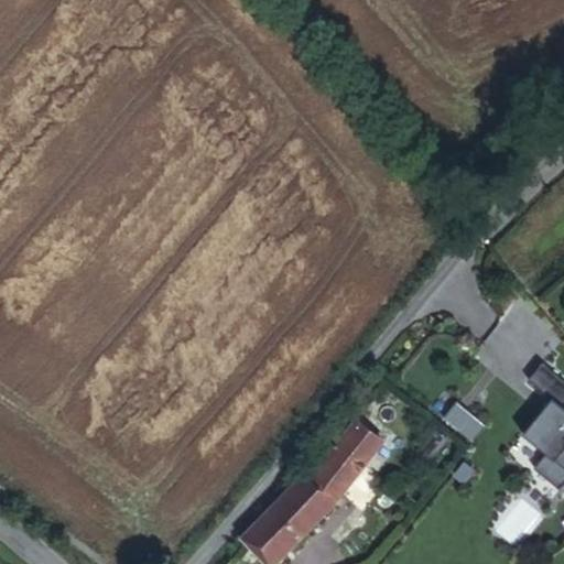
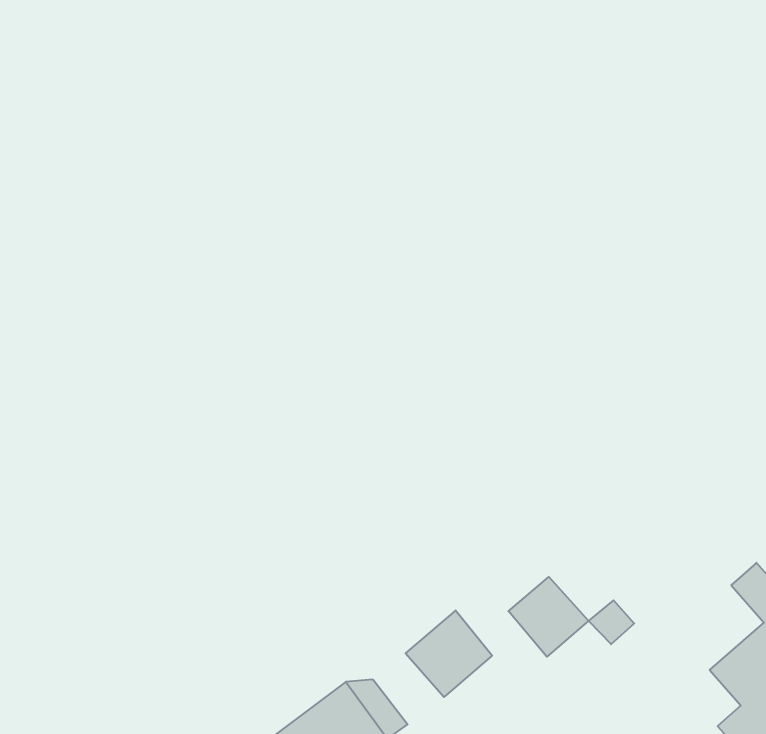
building: none -> [508,577,589,657]
building: [313,455,359,499] -> none

